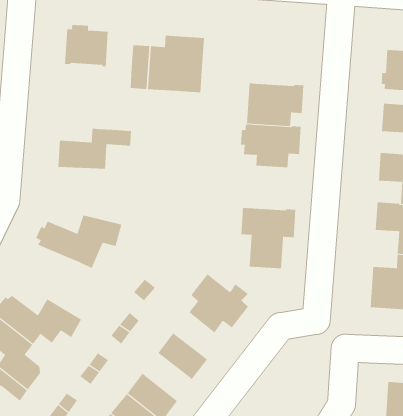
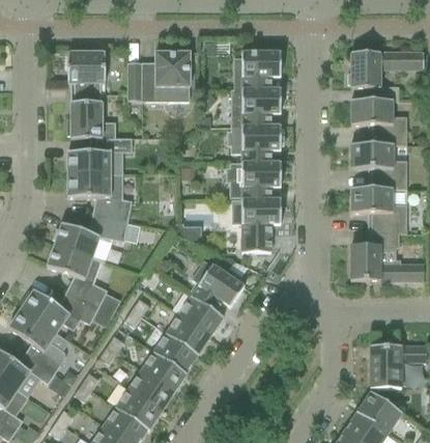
building: none -> [235,52,281,89]
building: none -> [67,82,115,138]
building: none -> [227,162,281,199]
building: none -> [68,173,132,221]
building: none -> [48,244,108,307]
building: none -> [179,295,224,335]
building: none -> [154,332,199,373]

